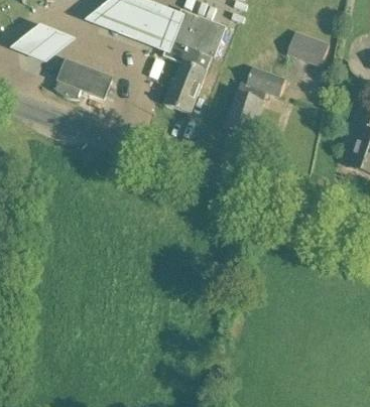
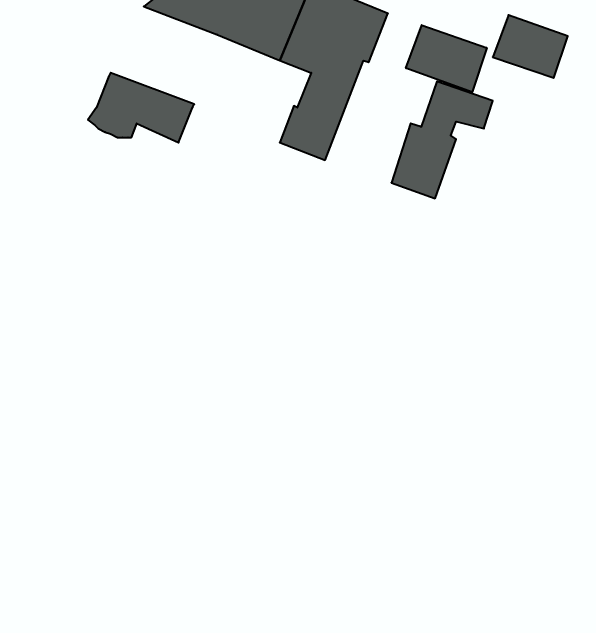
building: [11,25,78,65] -> none
building: none -> [406,25,487,92]

